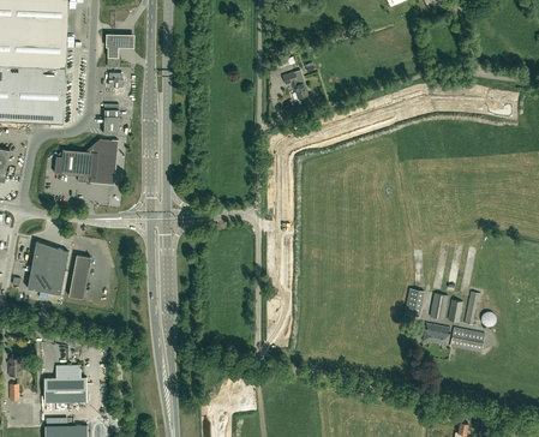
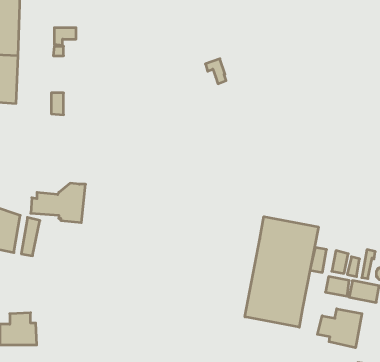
building: [55,139,119,185] -> [31,183,86,223]
building: none -> [245,217,318,327]
building: none -> [317,309,362,348]

